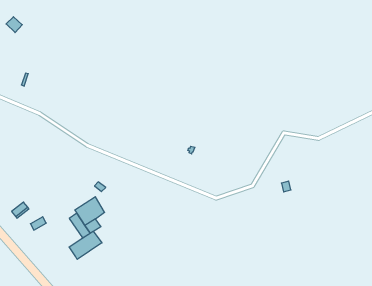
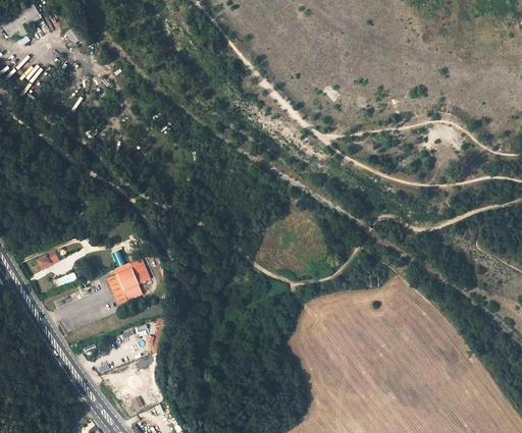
building: [69,231,102,259] -> none

